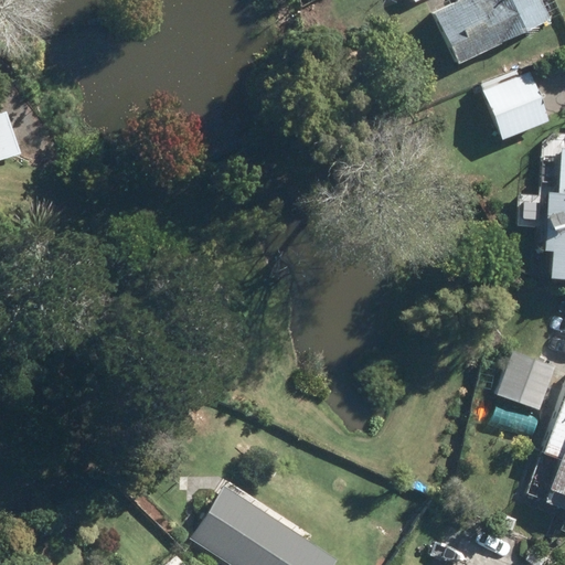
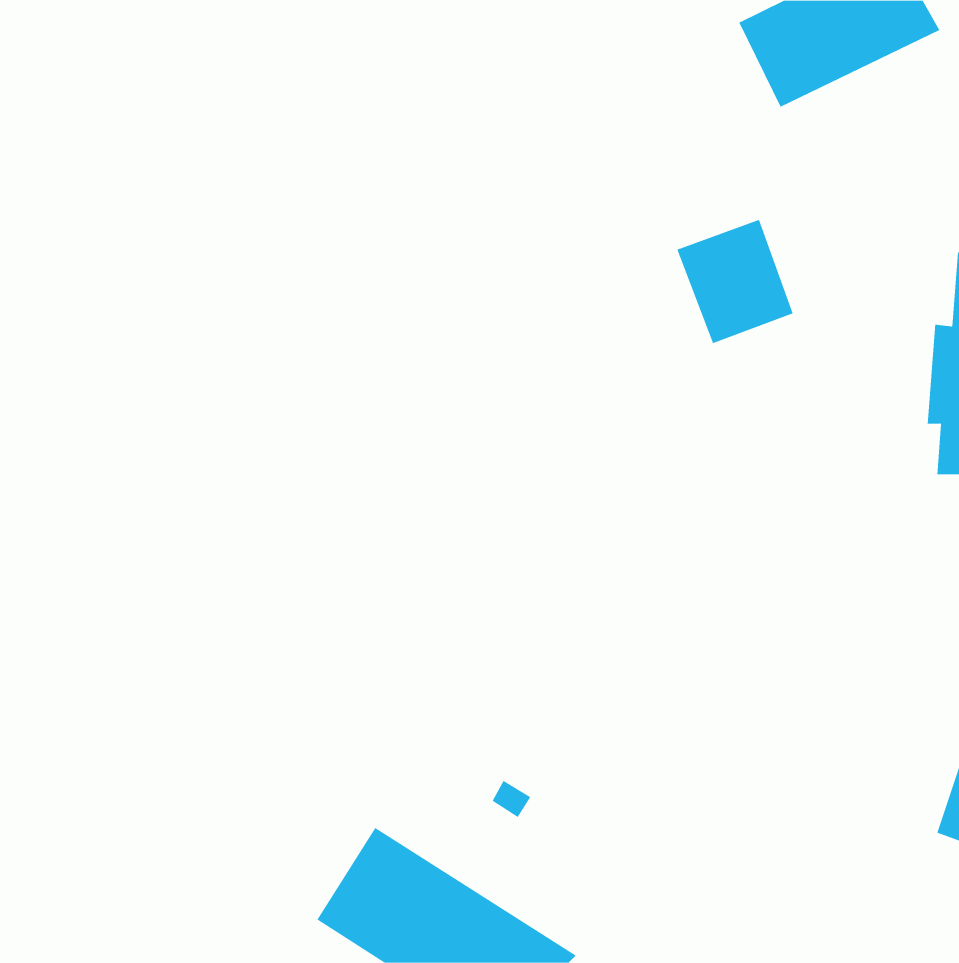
building: [481,65,550,138] -> [677,219,793,344]
building: [498,352,555,409] -> none

